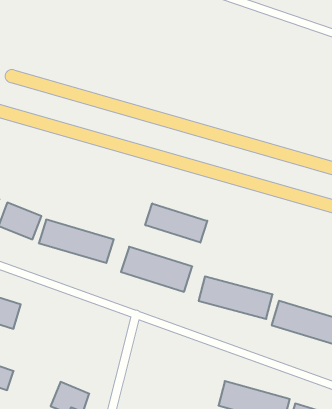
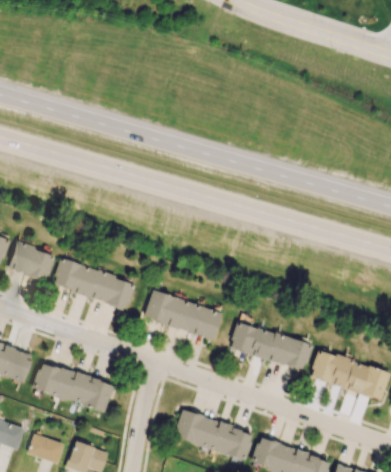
building: [145,203,207,243] -> none
building: none -> [33,364,114,410]
building: none -> [174,411,254,459]
building: none -> [28,434,65,463]

